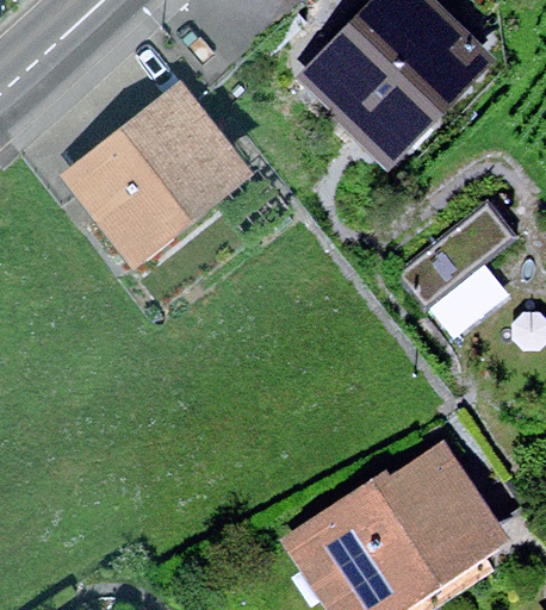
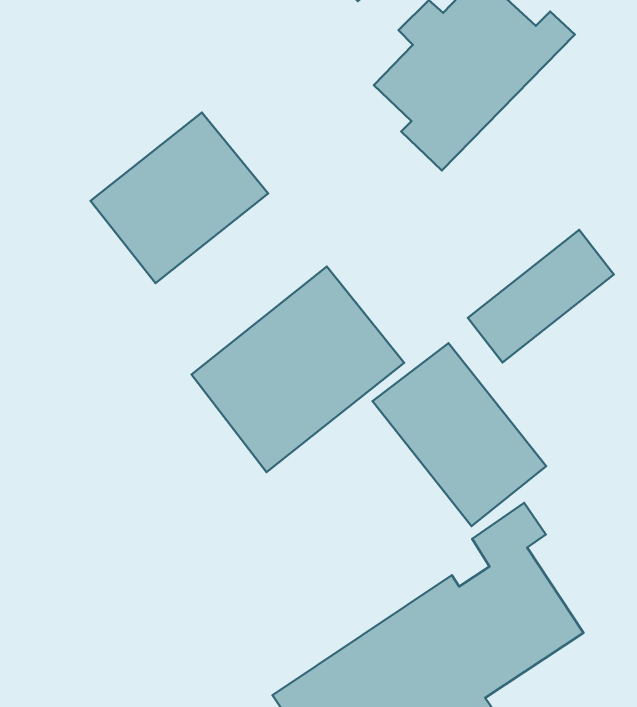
building: none -> [191,267,404,472]
building: none -> [372,343,546,526]

